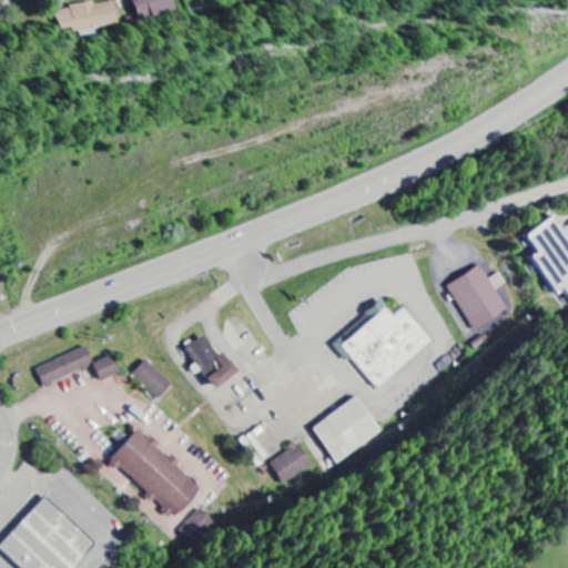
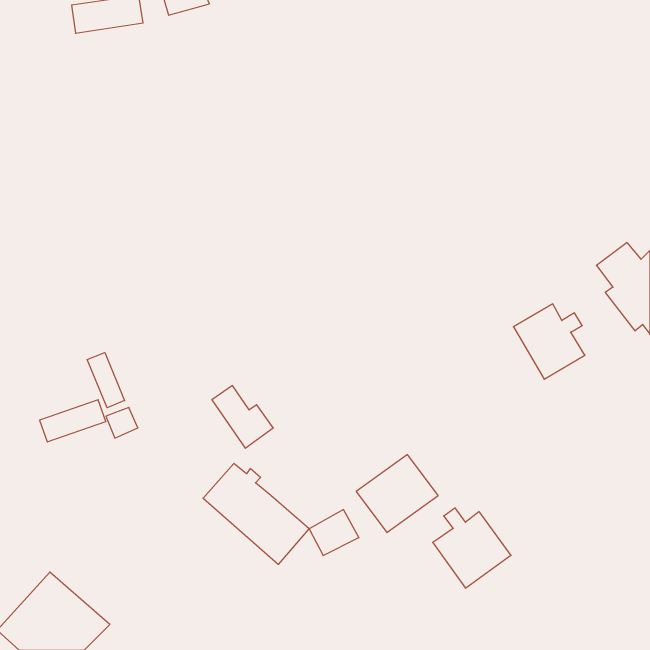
building: [334,300,433,390] -> none
building: none -> [87,353,125,408]
building: [131,359,171,398] -> none
building: [109,430,201,518] -> [203,464,309,564]
building: none -> [433,508,511,588]

